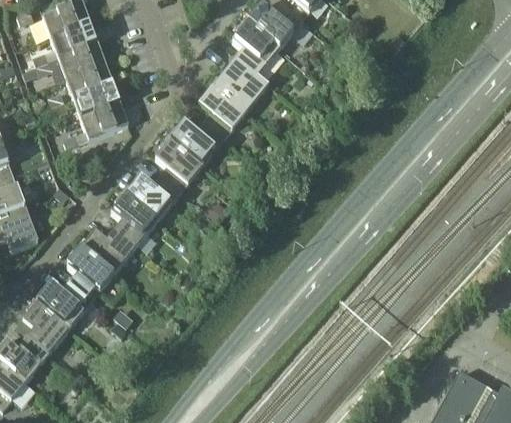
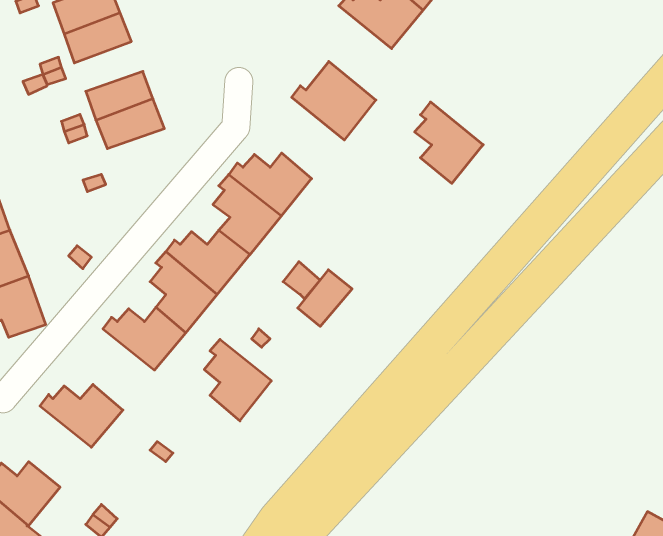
building: [231,17,279,74] -> [415,102,483,183]
building: [57,42,105,77] -> none
building: [198,81,246,138] -> none
building: [80,103,127,139] -> none
building: none -> [298,270,352,326]
building: [66,243,113,300] -> [204,339,271,421]
building: [22,297,69,354] -> none

